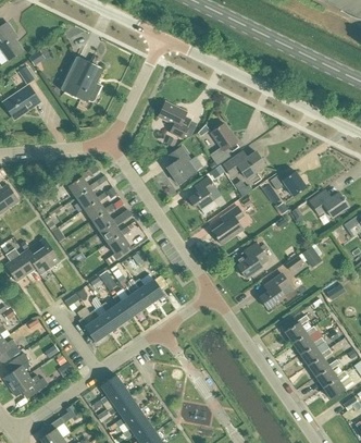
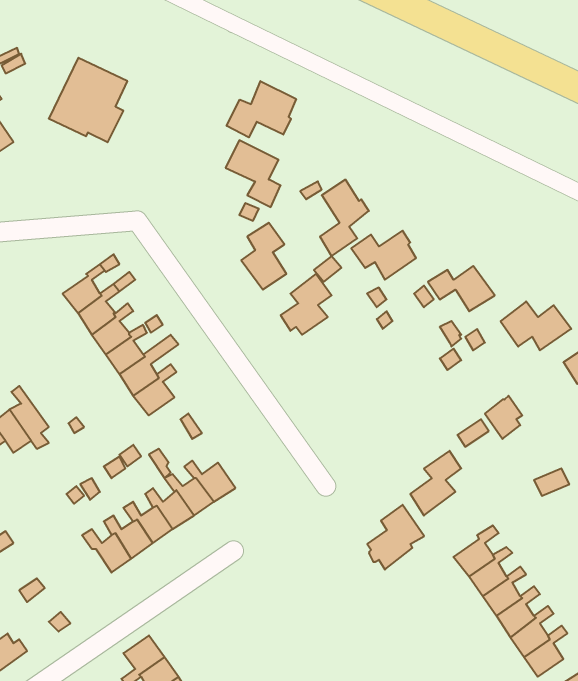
building: none -> [227,81,296,137]
building: [212,206,245,245] -> none
building: [238,243,270,279] -> [367,505,424,570]

